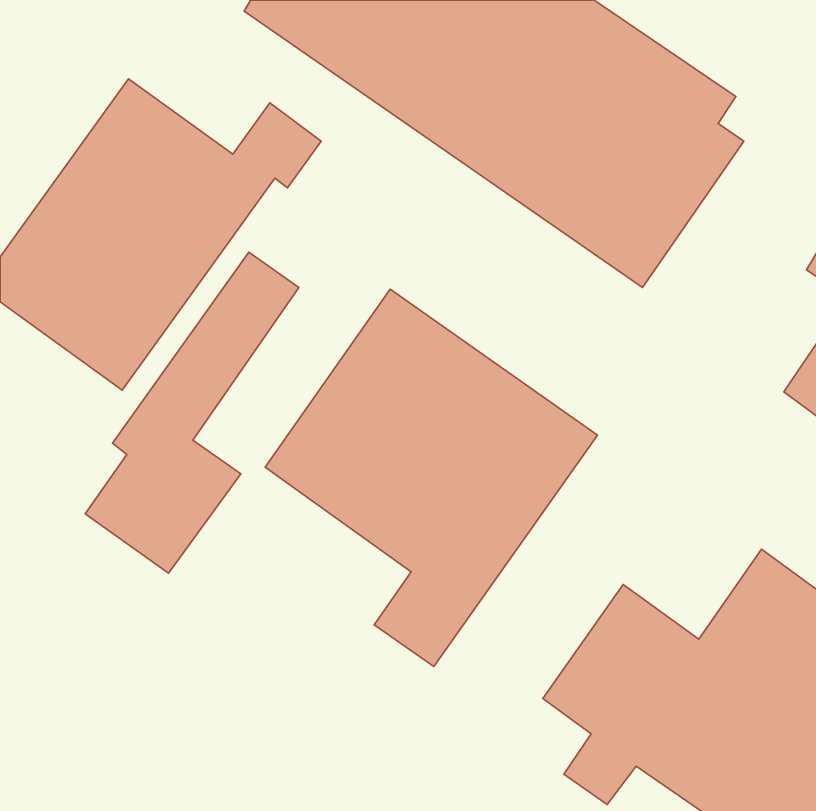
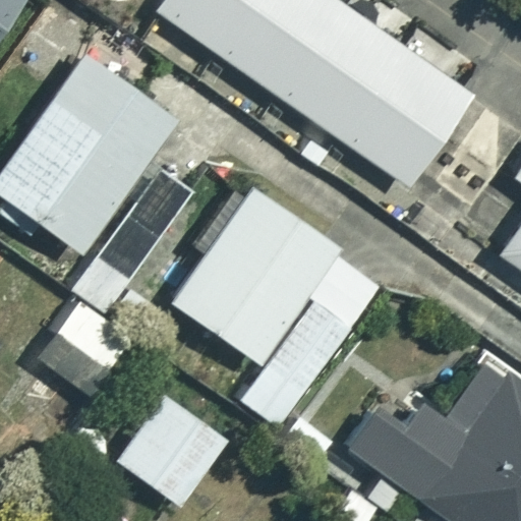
building: none -> [116,395,226,506]

